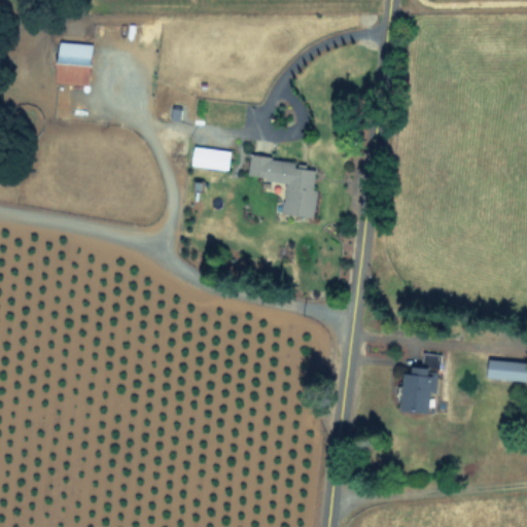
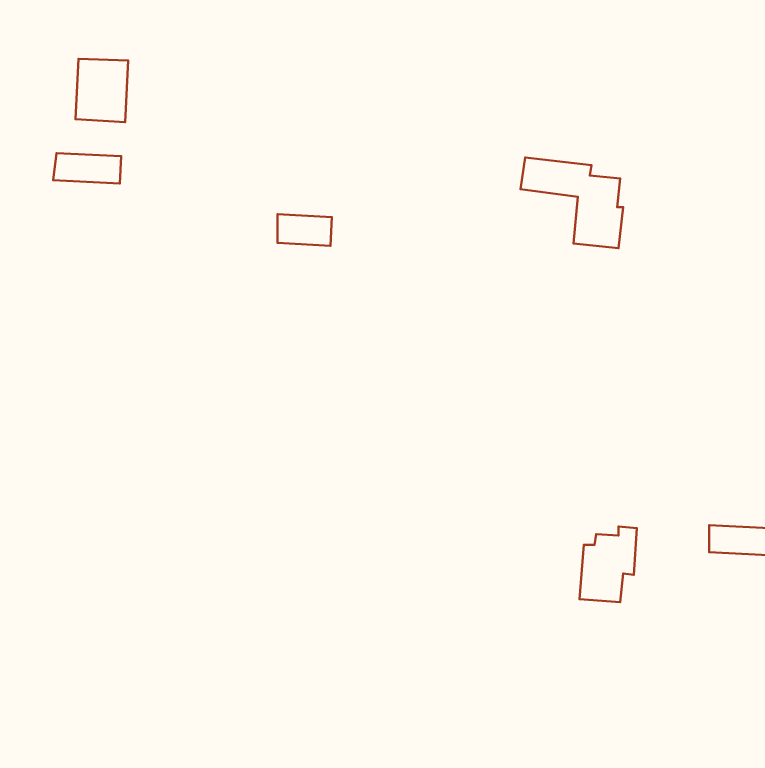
building: none -> [53,153,121,183]
building: [248,155,318,217] -> [521,158,623,248]

